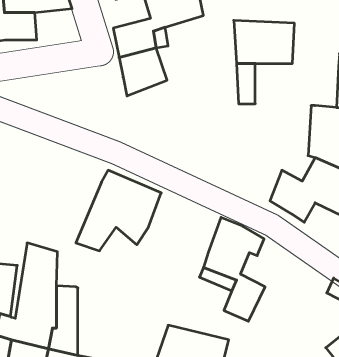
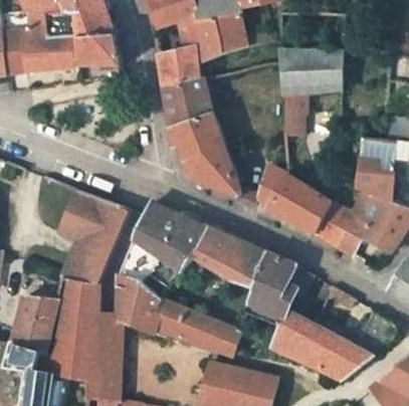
building: none -> [75,37,121,69]
building: none -> [170,111,242,197]
building: none -> [254,165,329,234]
building: none -> [58,189,130,286]
building: none -> [192,226,266,287]
building: none -> [118,277,239,355]
building: none -> [294,323,373,379]

